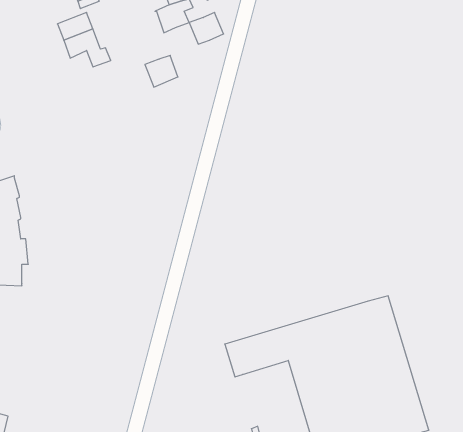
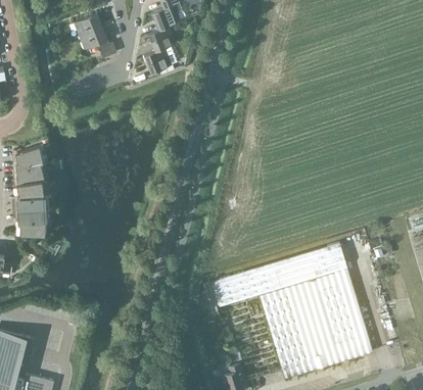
building: [189,12,224,44] -> [148,26,176,51]

